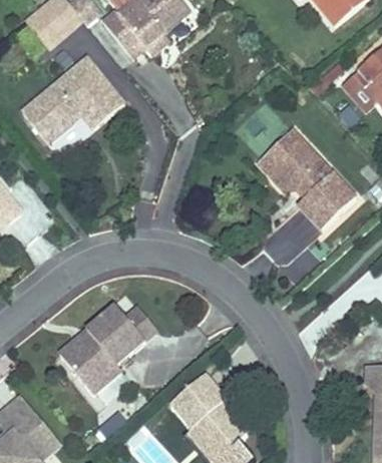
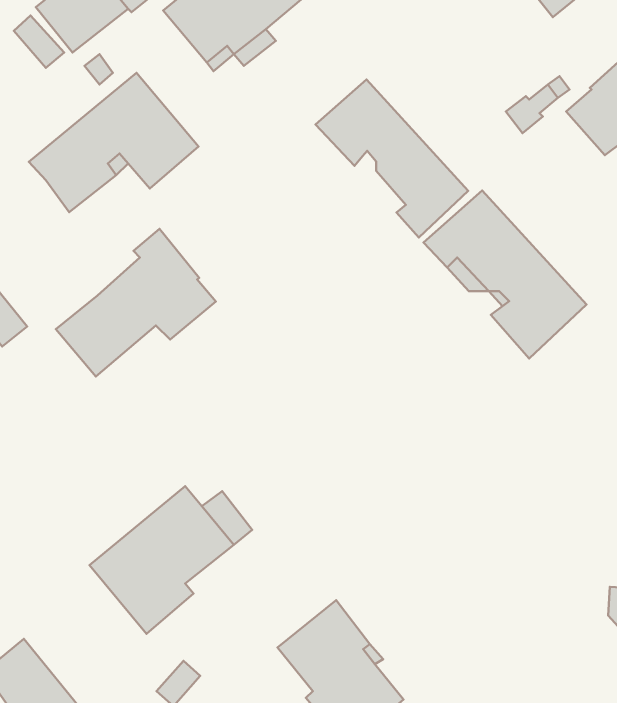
building: none -> [316,80,468,238]
building: none -> [56,229,216,377]
building: [258,208,309,263] -> none

